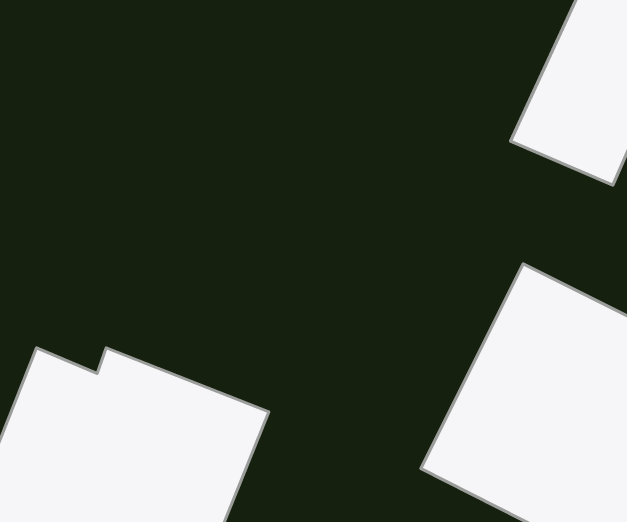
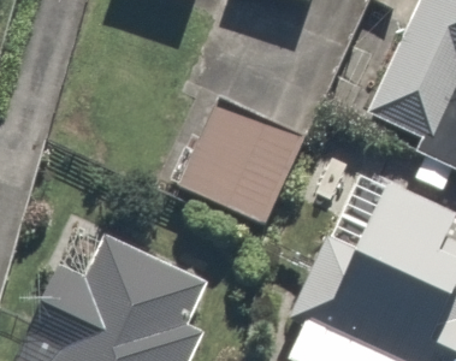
building: none -> [177,102,302,226]

